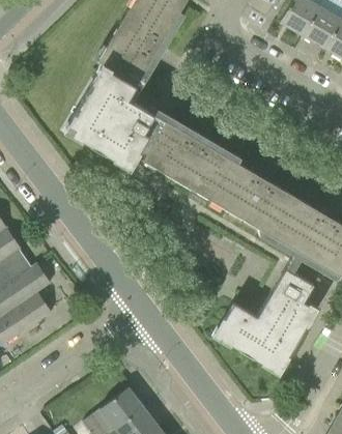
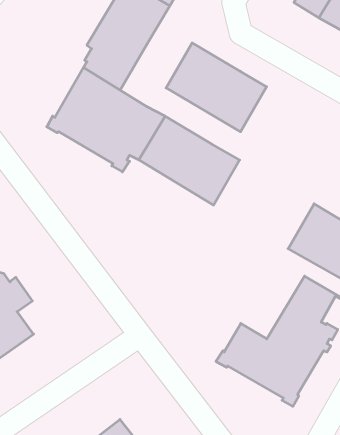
building: [209,161,297,238] -> [166,43,267,132]

